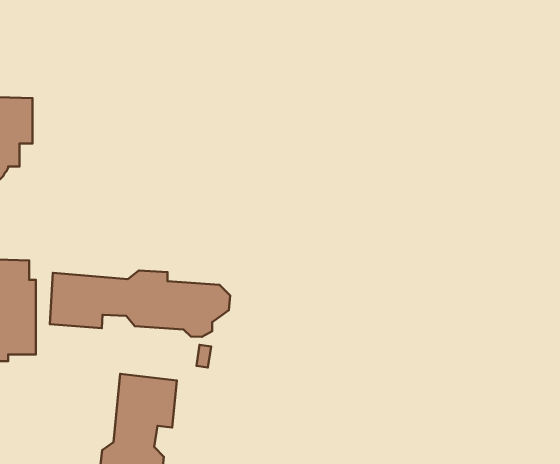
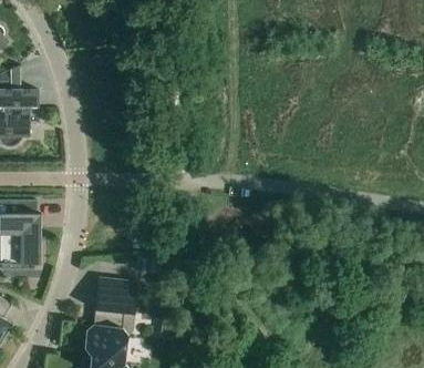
building: [50,270,230,337] -> none

